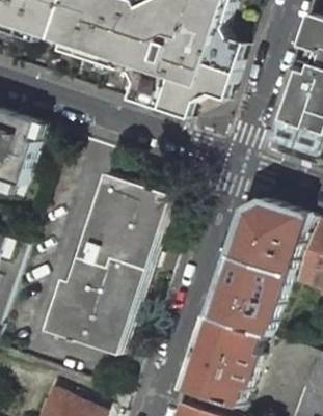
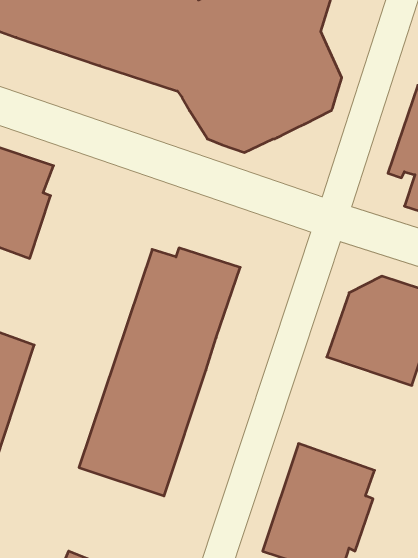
building: [209,255,288,336] -> none

